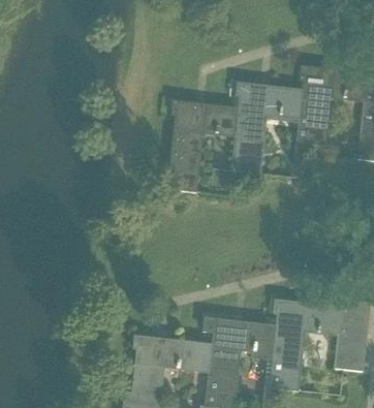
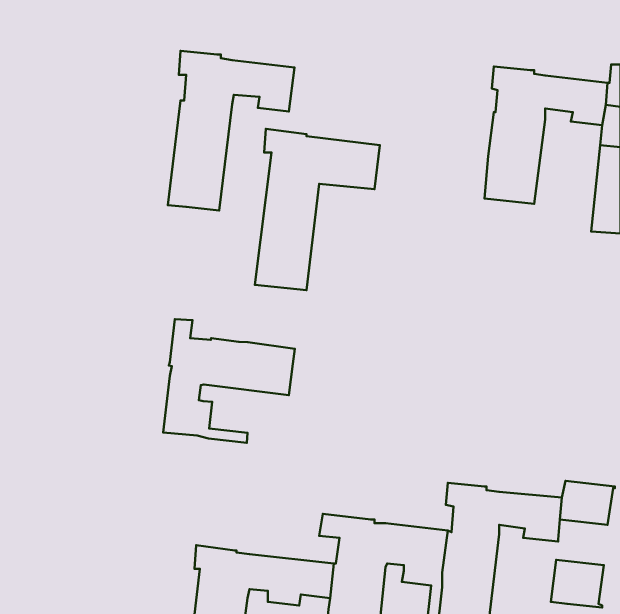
building: [229,81,301,170] -> [168,51,294,211]
building: none -> [163,319,295,443]
building: [336,319,365,345] -> none

